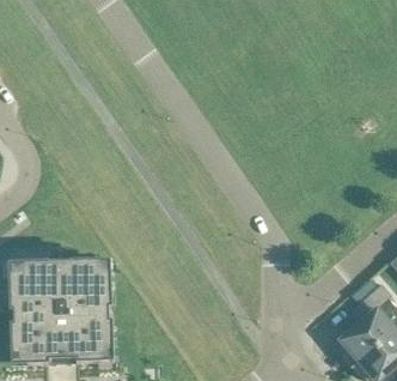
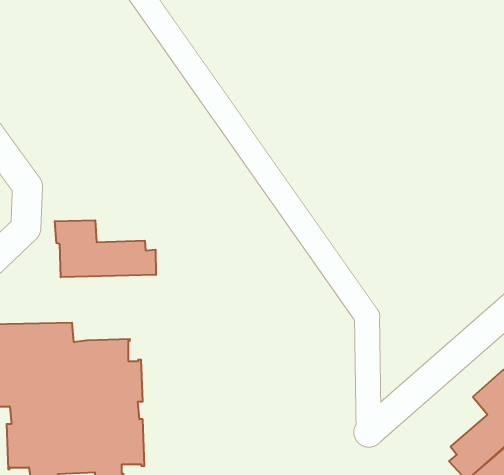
building: none -> [55,220,156,277]

